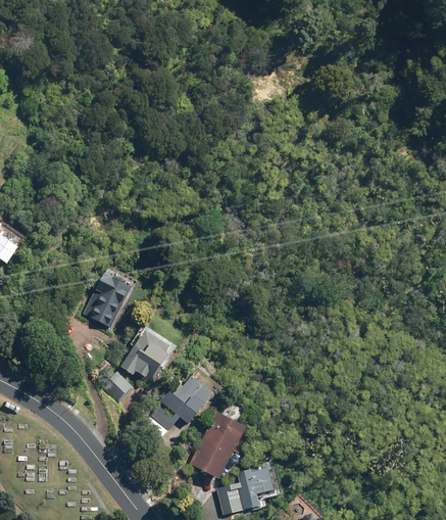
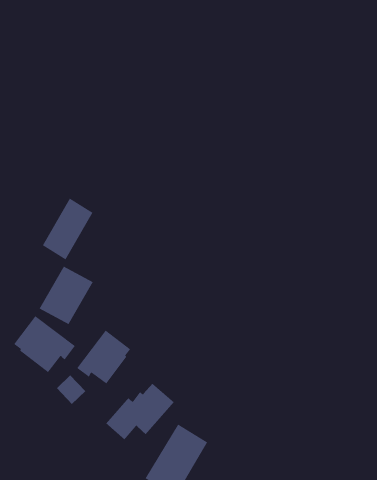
building: none -> [42,197,94,261]
building: none -> [13,315,76,373]

